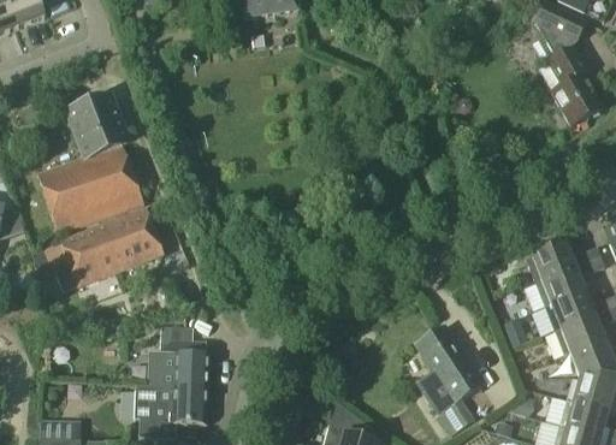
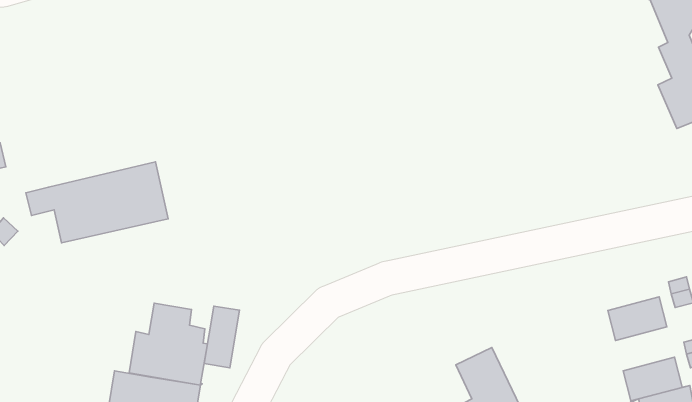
building: [37,96,142,231] -> none
building: [525,242,576,283] -> none
building: [545,290,596,331] -> none
building: none -> [204,306,240,368]

